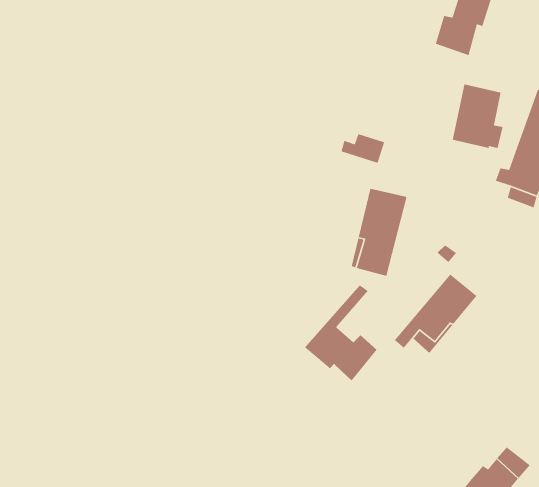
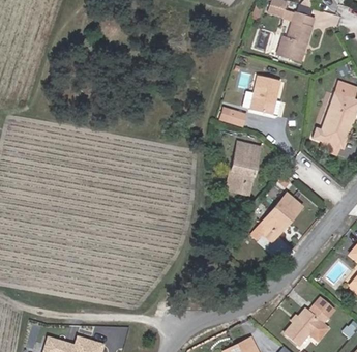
building: [452,84,503,149] -> [249,75,280,114]
building: [304,284,378,381] -> none

